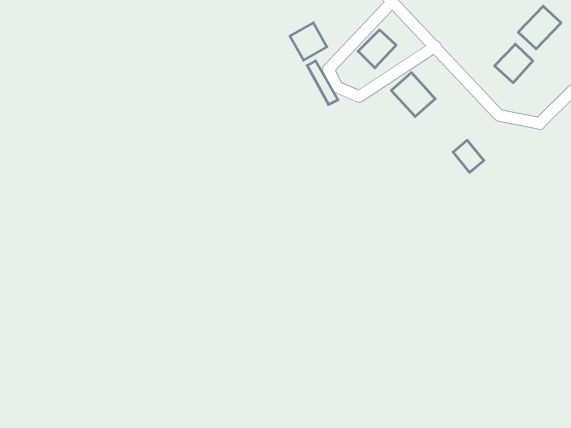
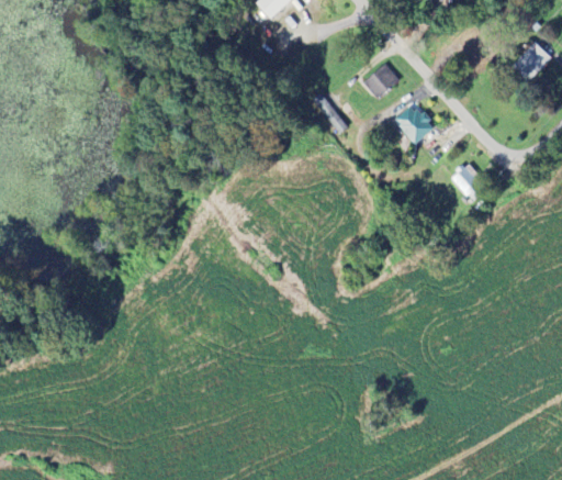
building: [290,23,327,60] -> none
building: [495,44,533,83] -> none

